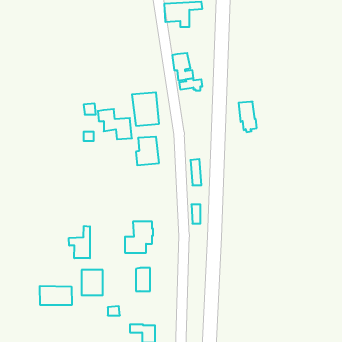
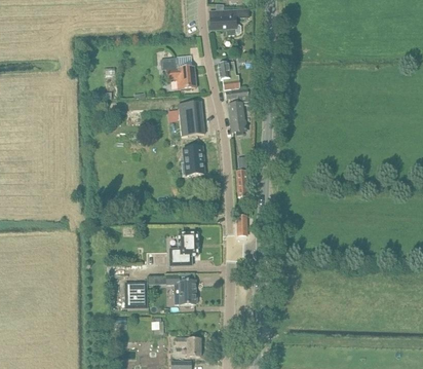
building: [239,102,257,132] -> [228,102,246,133]
building: [98,109,132,139] -> [160,57,195,87]
building: [69,226,90,258] -> none
building: [40,286,72,305] -> none

